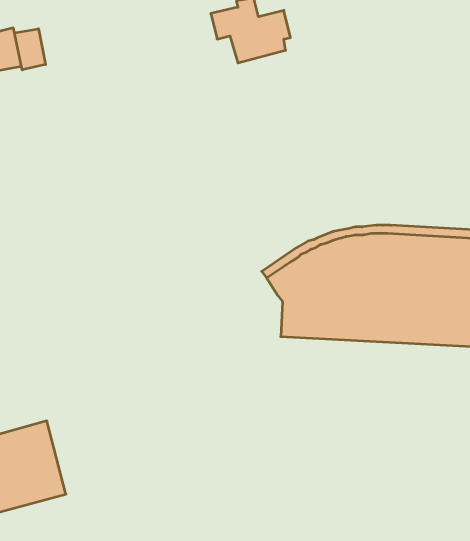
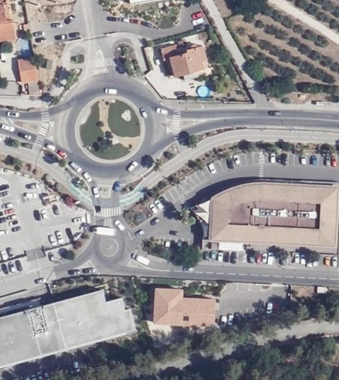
building: [14,29,46,70] -> none
building: none -> [53,289,135,348]
building: none -> [153,290,213,324]

